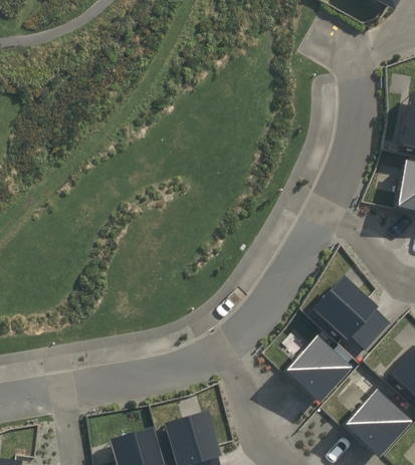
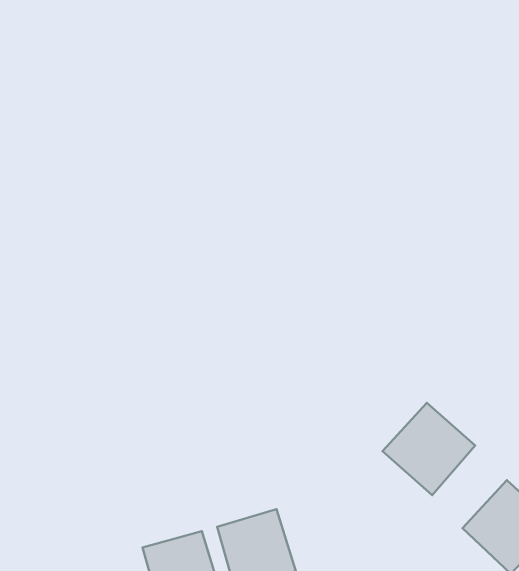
building: [312,275,379,342] -> none

